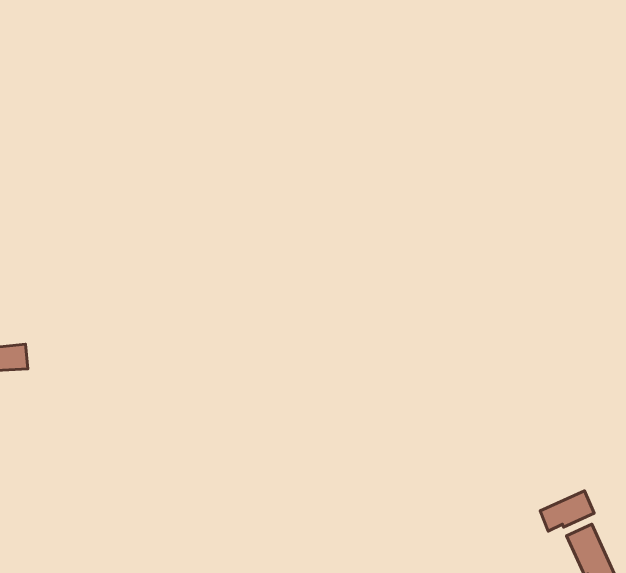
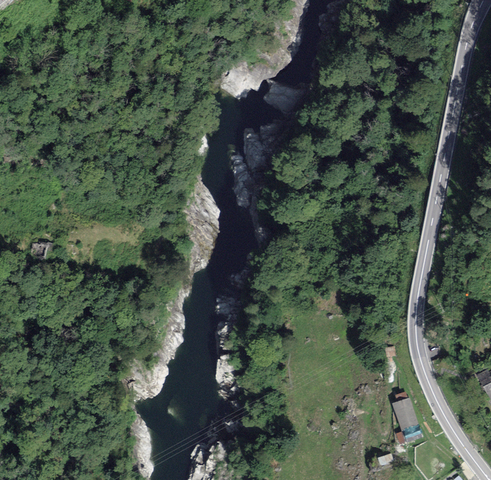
building: [540,491,594,531] -> none

